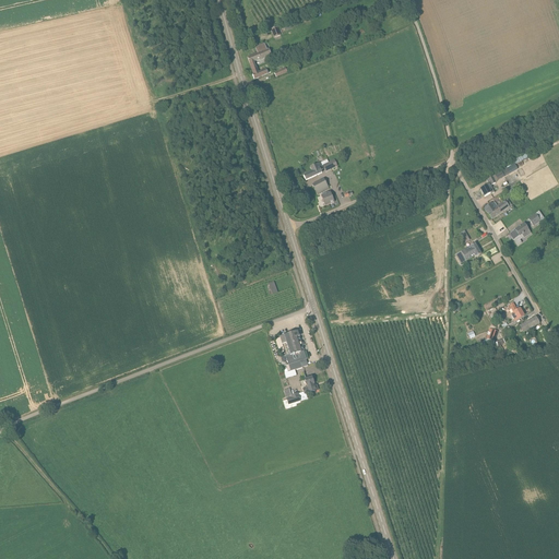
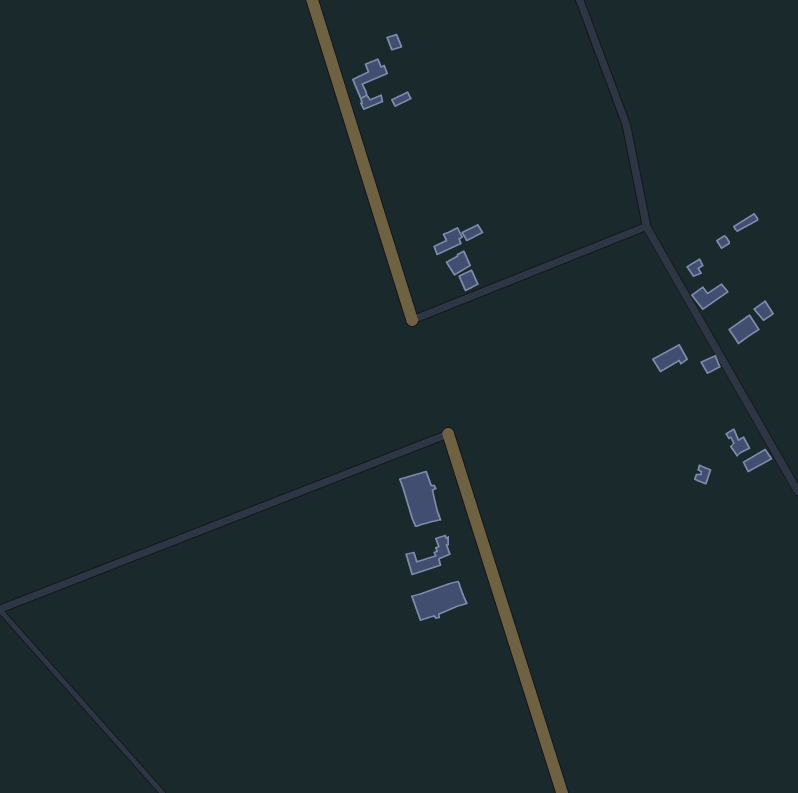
building: none -> [412,582,467,620]

